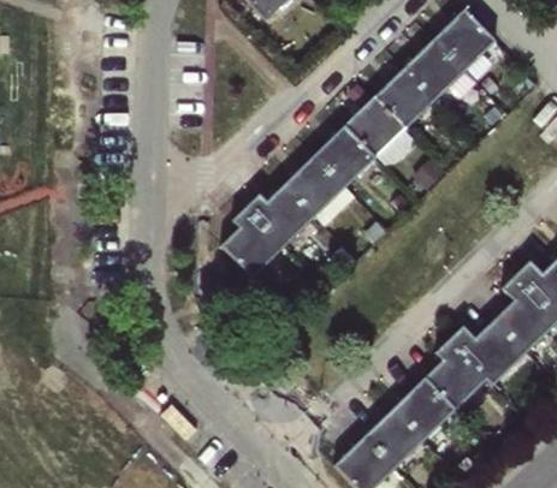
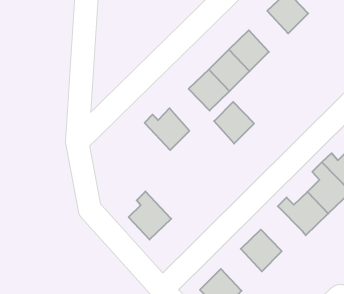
building: [405,42,464,103] -> none
building: [286,159,346,221] -> [214,102,254,144]
building: [224,209,288,281] -> [129,191,171,240]
building: [423,334,486,401] -> none
building: [363,398,425,460] -> none

